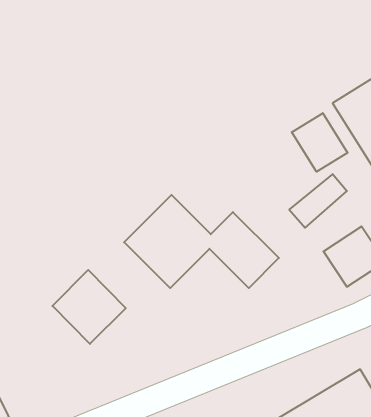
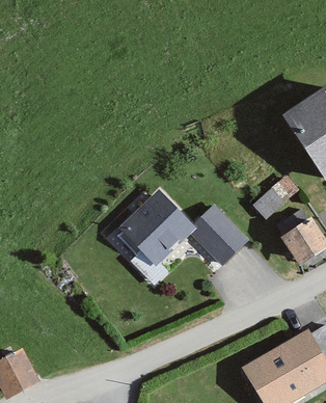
building: [292,113,348,172] -> none
building: [52,270,126,344] -> none

